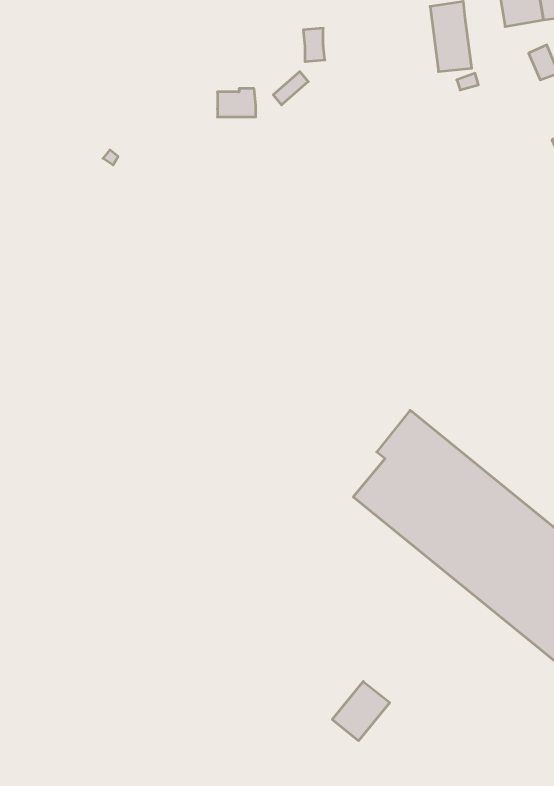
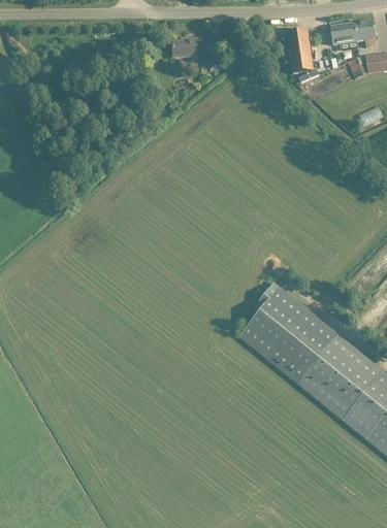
building: [217,89,256,117] -> [172,38,196,56]
building: [332,681,390,741] -> none

